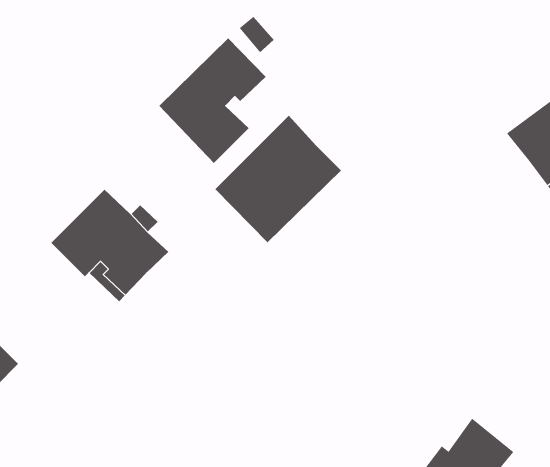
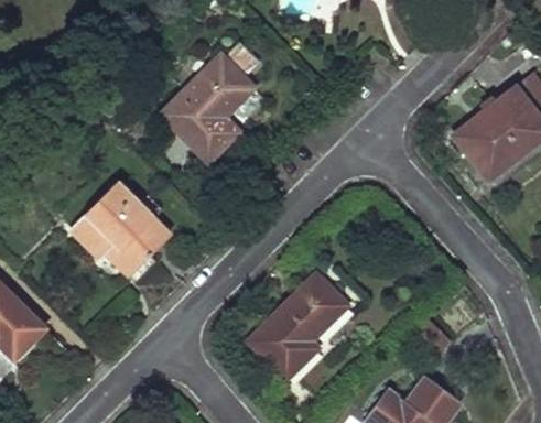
building: [214,115,342,243] -> none
building: none -> [247,273,345,378]

